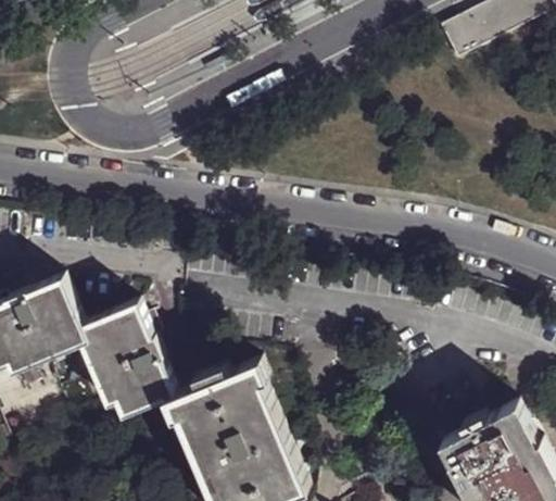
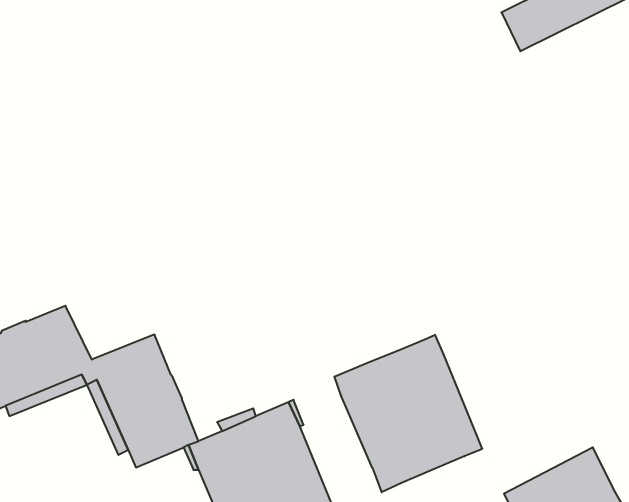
building: none -> [334,335,482,492]

